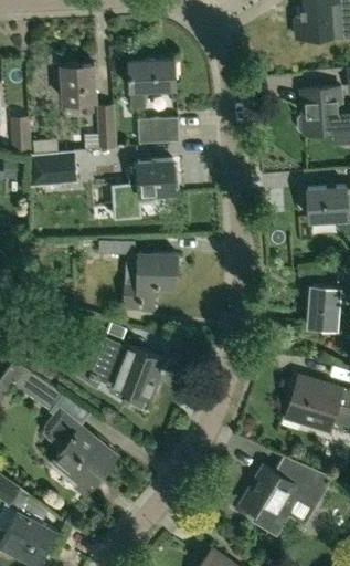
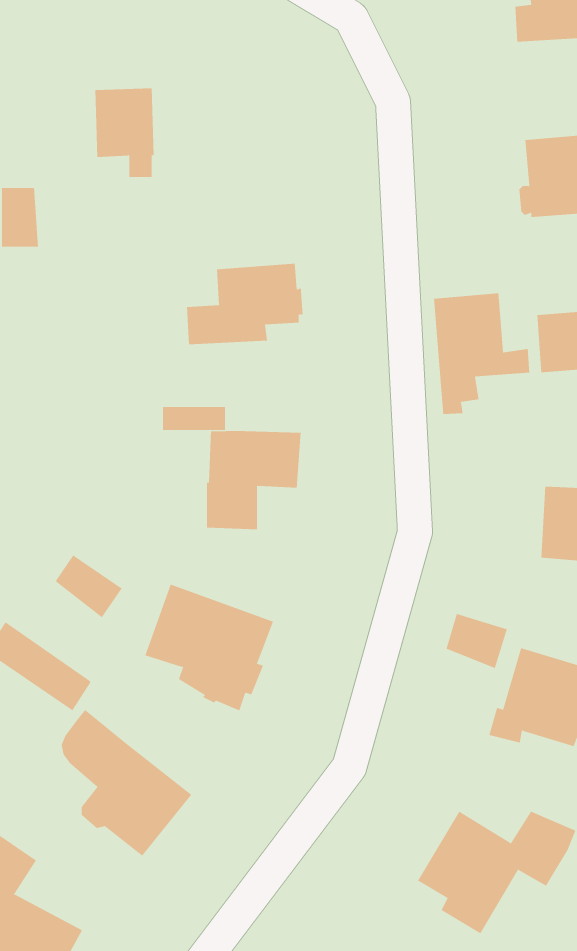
building: [129,60,177,107] -> none
building: [96,105,116,149] -> none
building: [138,117,179,144] -> none
building: [30,150,78,187] -> none
building: none -> [434,293,530,415]
building: none -> [55,555,122,618]
building: none -> [446,613,507,669]

